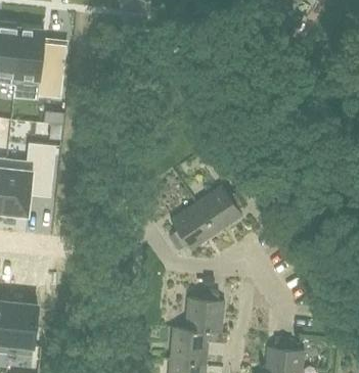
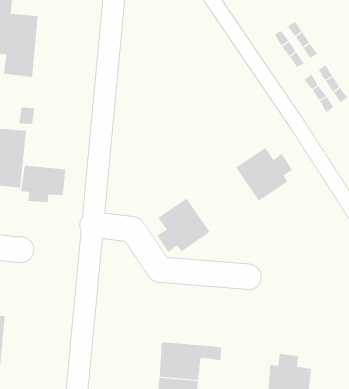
building: none -> [20,165,66,203]
building: [194,185,244,232] -> [235,147,293,202]
building: [184,289,223,331] -> none

